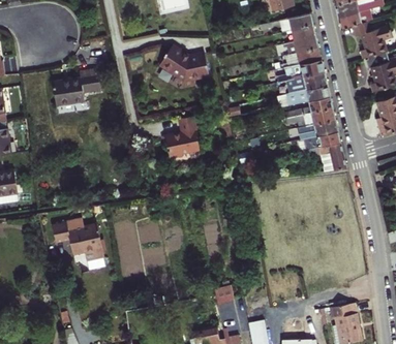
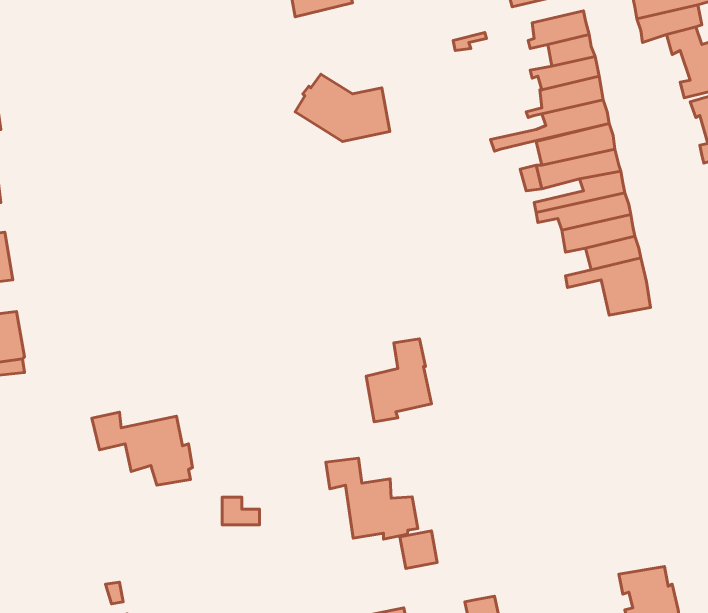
building: [53,68,100,105] -> none
building: [165,116,200,159] -> [366,339,431,422]
building: none -> [326,458,418,539]

